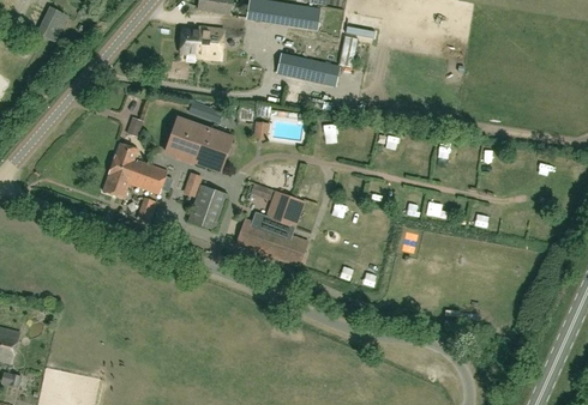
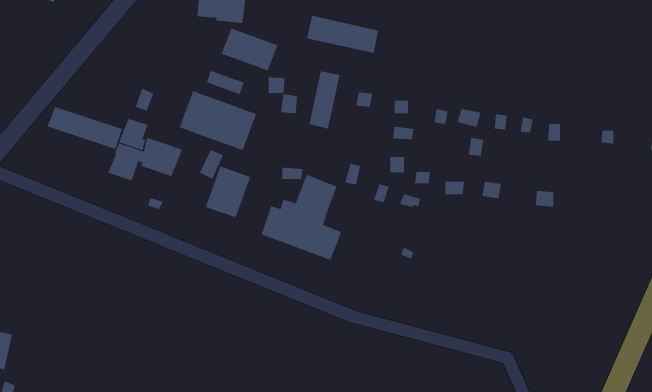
building: none -> [221,28,278,71]
building: none -> [309,71,340,129]
building: none -> [47,106,122,150]

